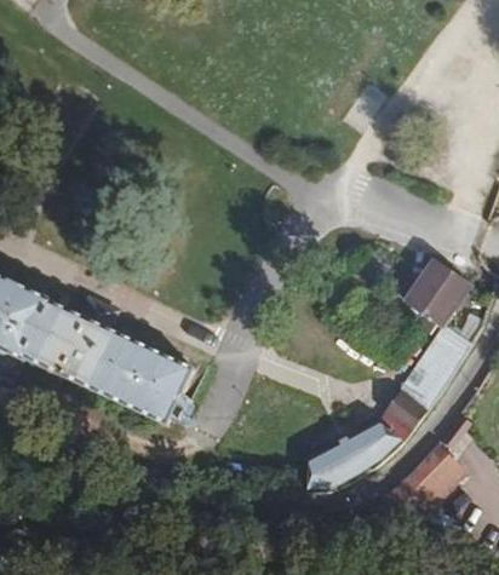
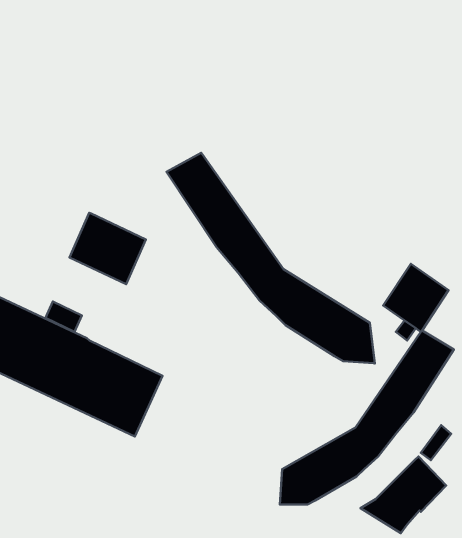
building: none -> [166,153,375,363]
building: none -> [70,213,146,284]

